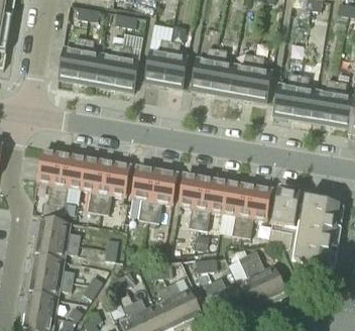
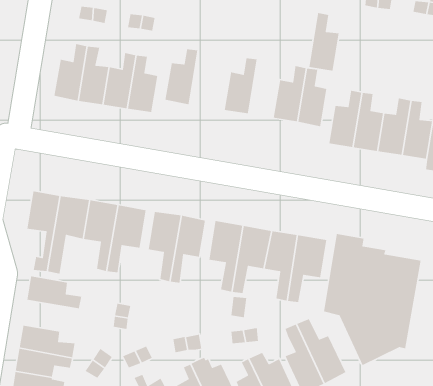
building: [163,40,188,87] -> none
building: [210,47,234,94] -> [309,12,339,71]
building: [33,236,78,260] -> none

